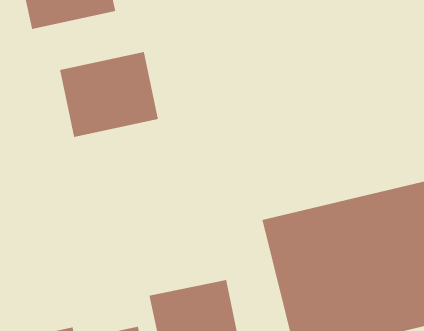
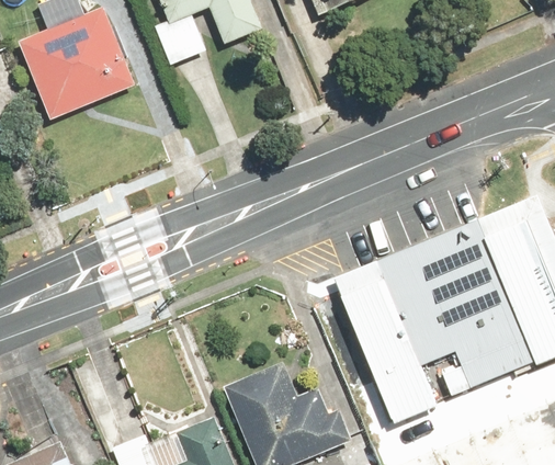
building: [59,51,159,138] -> none

